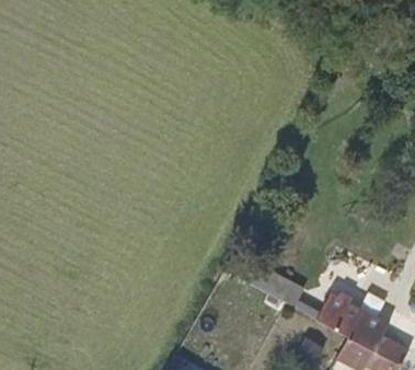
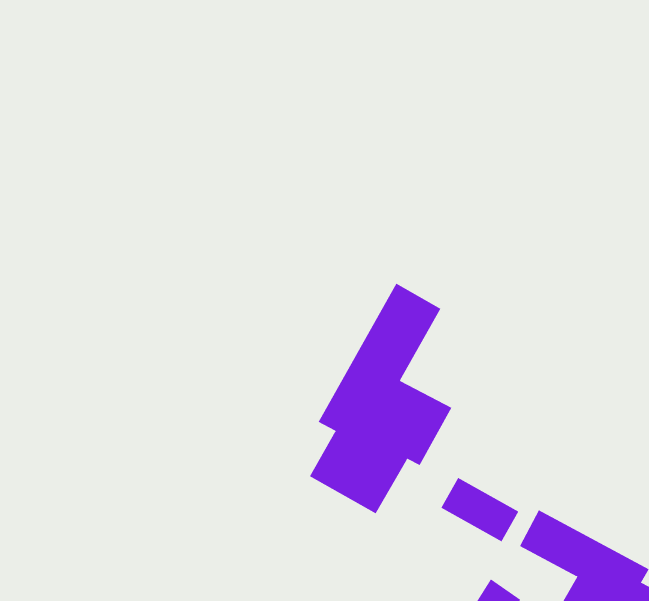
building: none -> [309,283,452,514]

